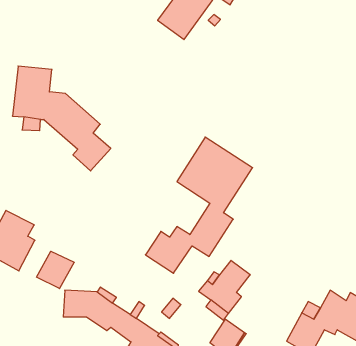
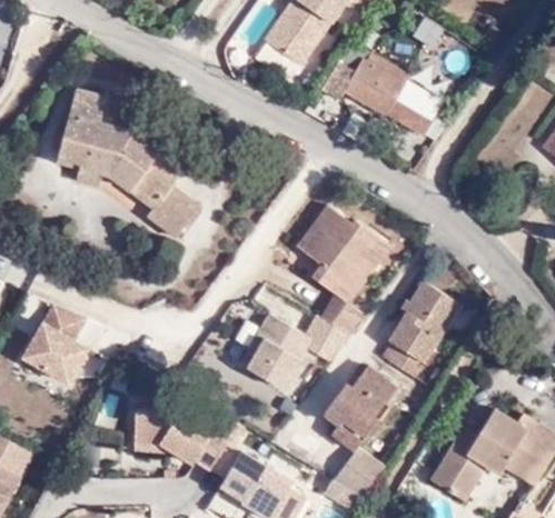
building: none -> [317,50,440,145]
building: none -> [378,286,447,380]
building: [37,251,74,289] -> none

